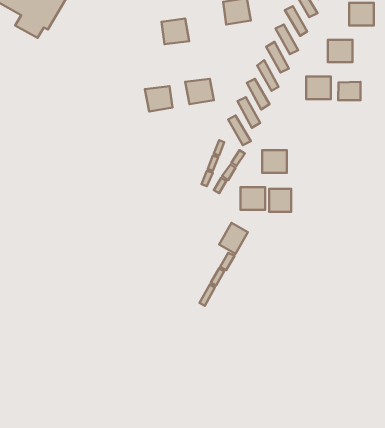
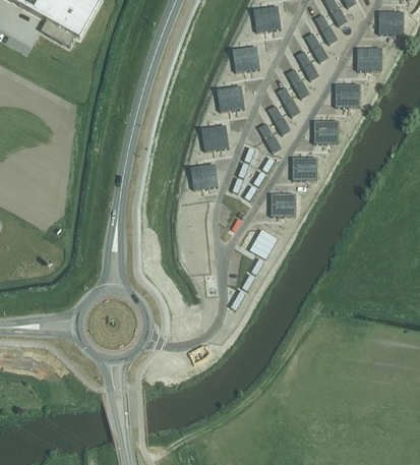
building: [162,19,189,44] -> [232,46,259,71]
building: [338,82,361,100] -> none
building: [145,86,173,112] -> [200,125,228,151]
building: none -> [313,120,339,142]
building: none -> [189,164,217,189]
building: [269,189,291,212] -> none

